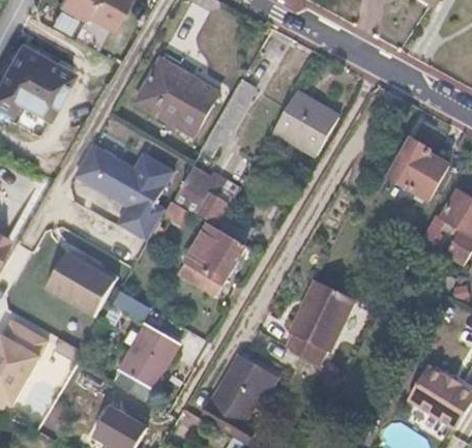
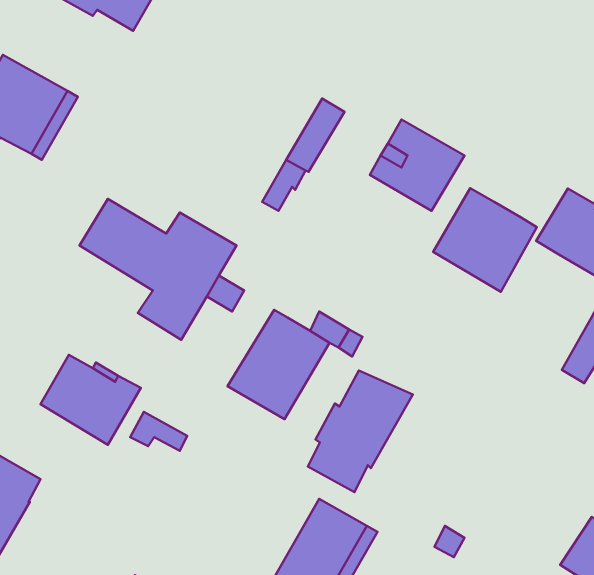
building: [134,59,217,137] -> none
building: none -> [433,188,537,292]
building: [175,168,228,221] -> none
building: [285,281,357,365] -> [308,371,413,492]
building: [122,324,179,387] -> none

